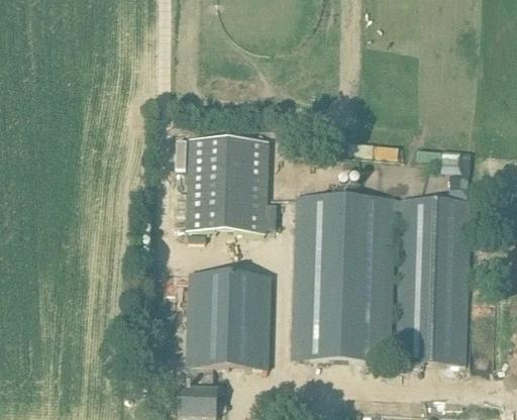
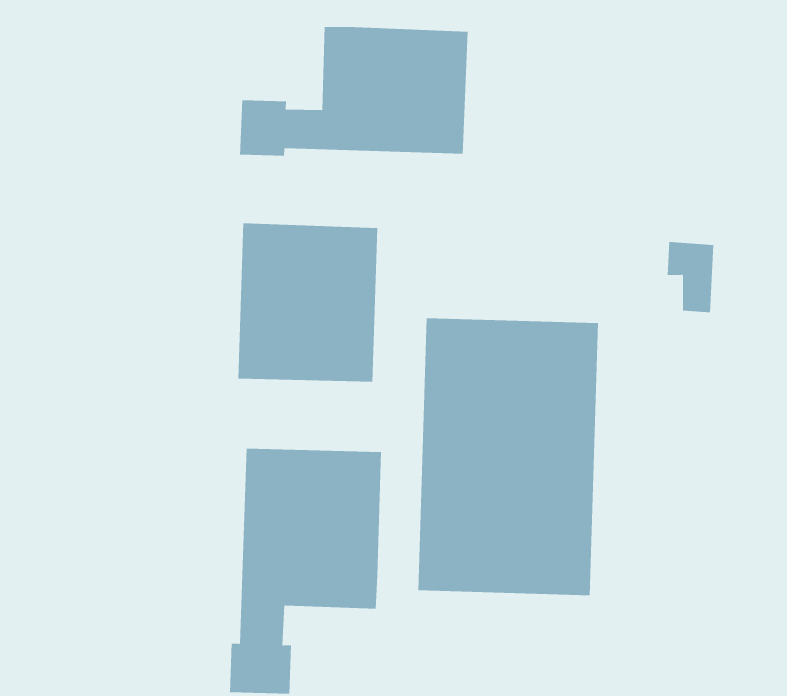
building: none -> [240,26,468,157]
building: [395,196,470,361] -> none

